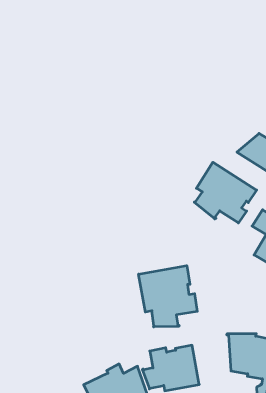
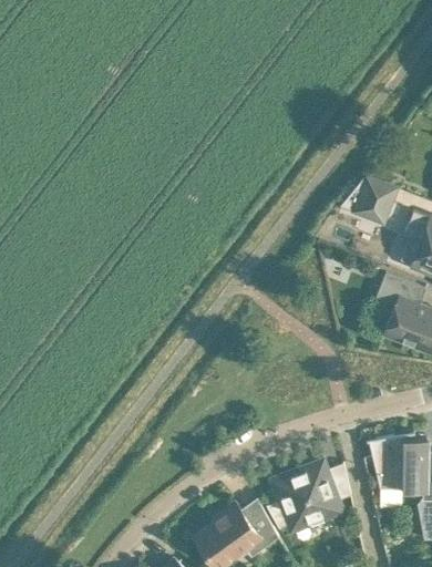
building: [194,162,257,223] -> none
building: [139,266,197,327] -> none

